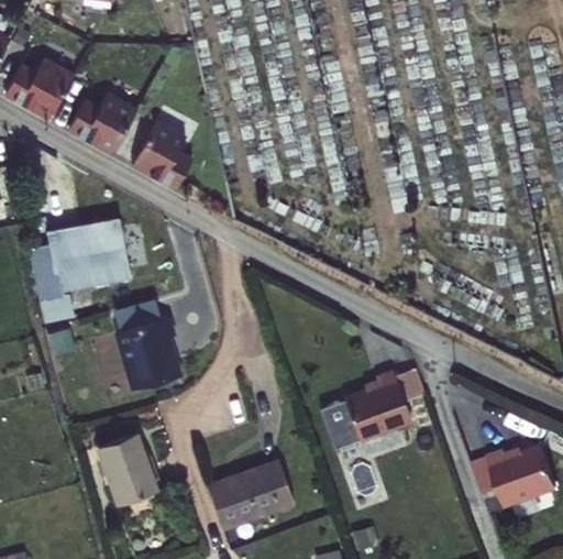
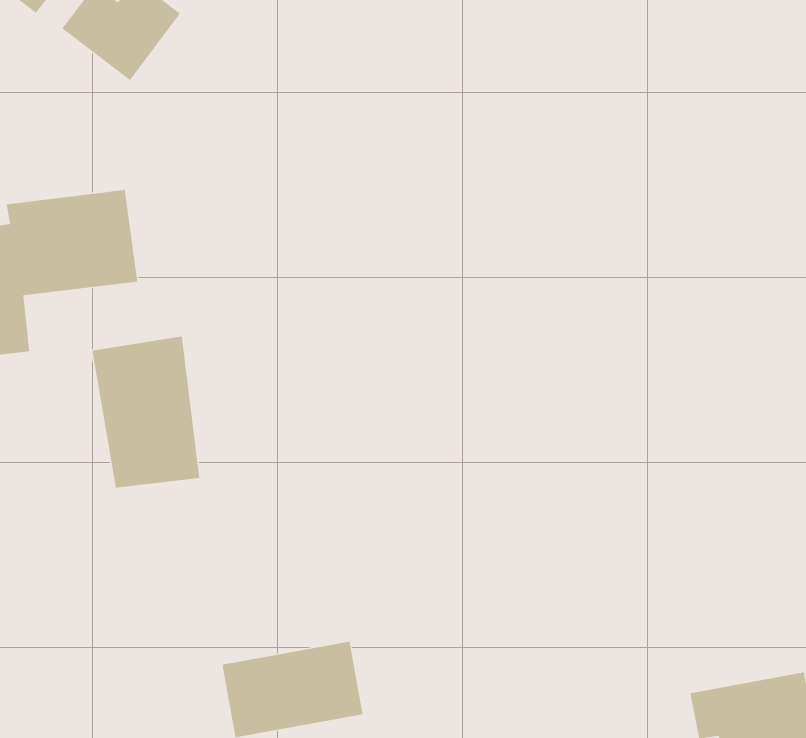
building: [129,122,189,190] -> none
building: [324,371,424,449] -> none
building: [101,432,156,503] -> none

